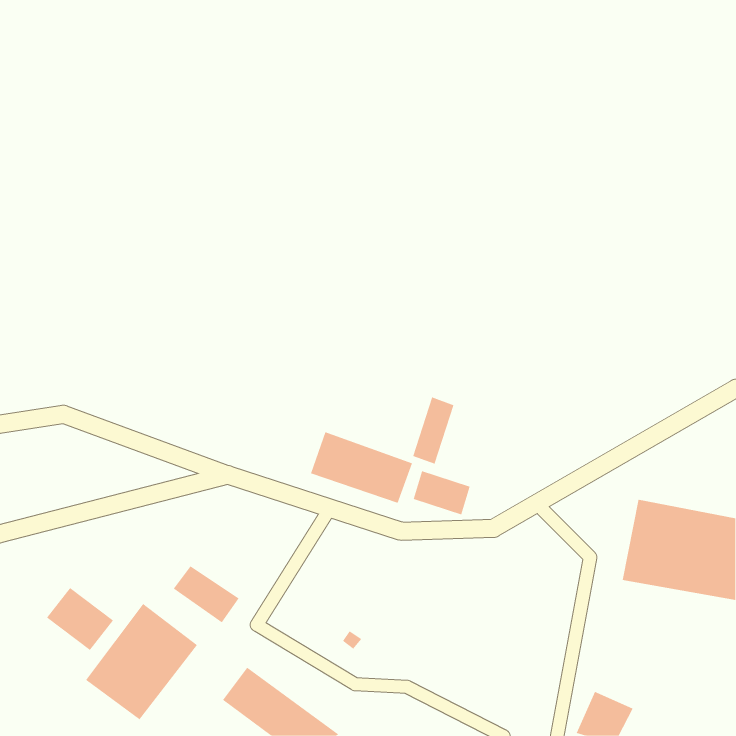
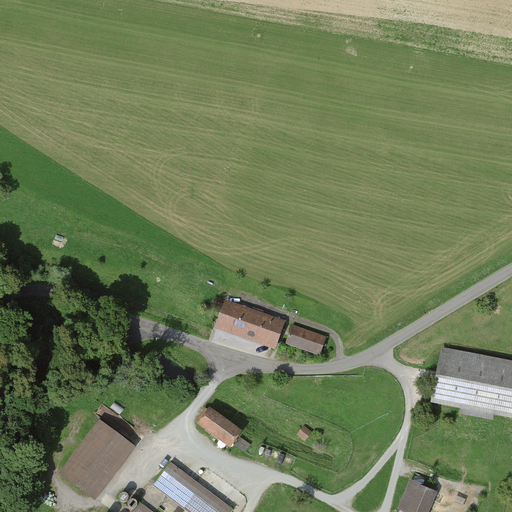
building: [412,397,454,464] -> none
building: [173,565,239,623] -> [197,407,243,447]
building: [46,587,114,651] -> none

